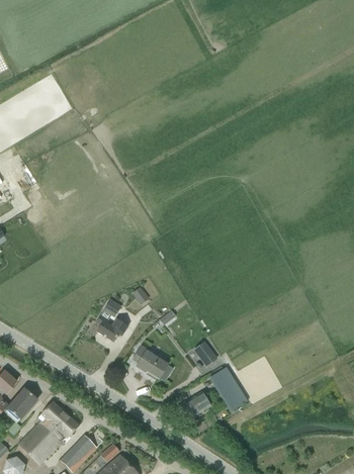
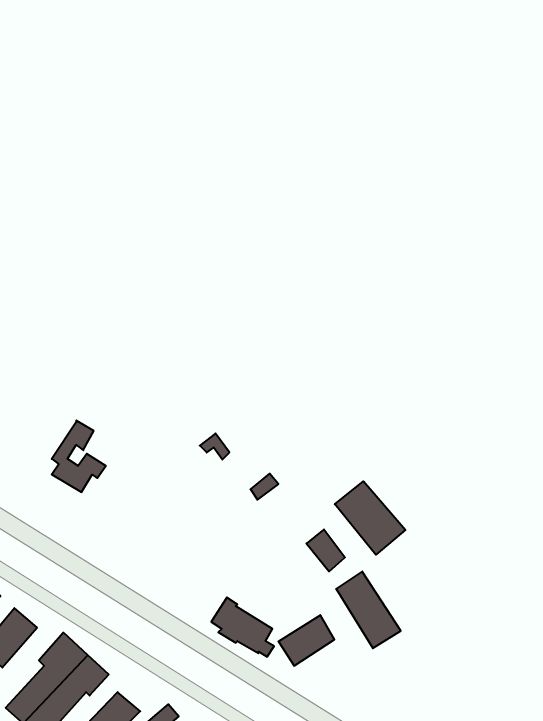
building: [96,299,127,341] -> [52,420,106,492]
building: none -> [335,481,405,555]
building: [131,346,168,380] -> [211,597,274,657]

